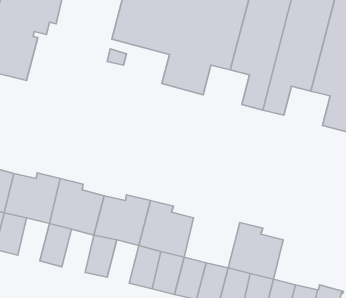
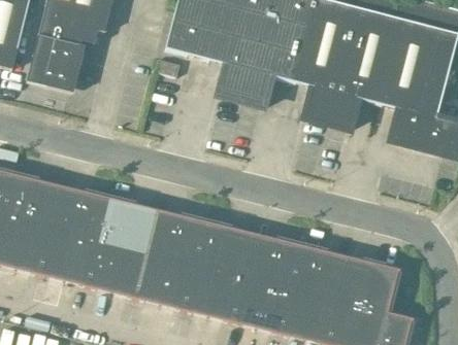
building: none -> [242,237,302,291]
building: none -> [64,238,98,284]
building: none -> [111,250,145,297]
building: none -> [338,258,400,315]
building: none -> [160,262,194,308]

